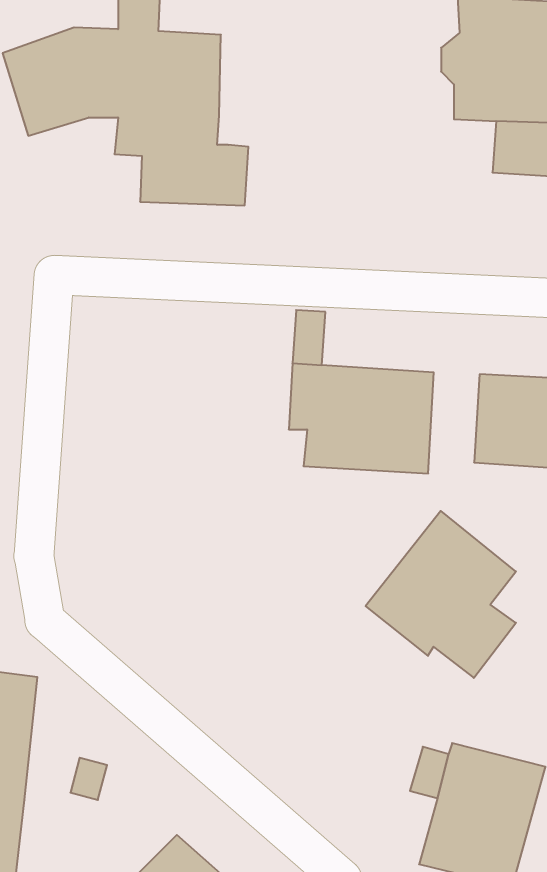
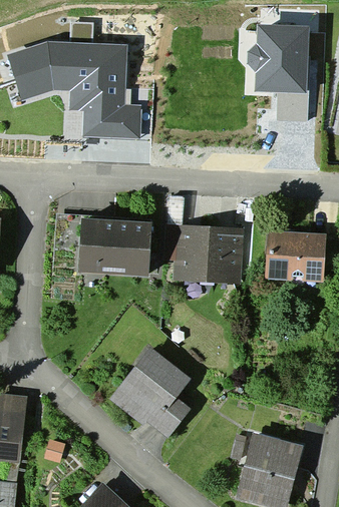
building: none -> [77,217,151,278]
building: [366,511,516,678] -> [108,347,191,438]

